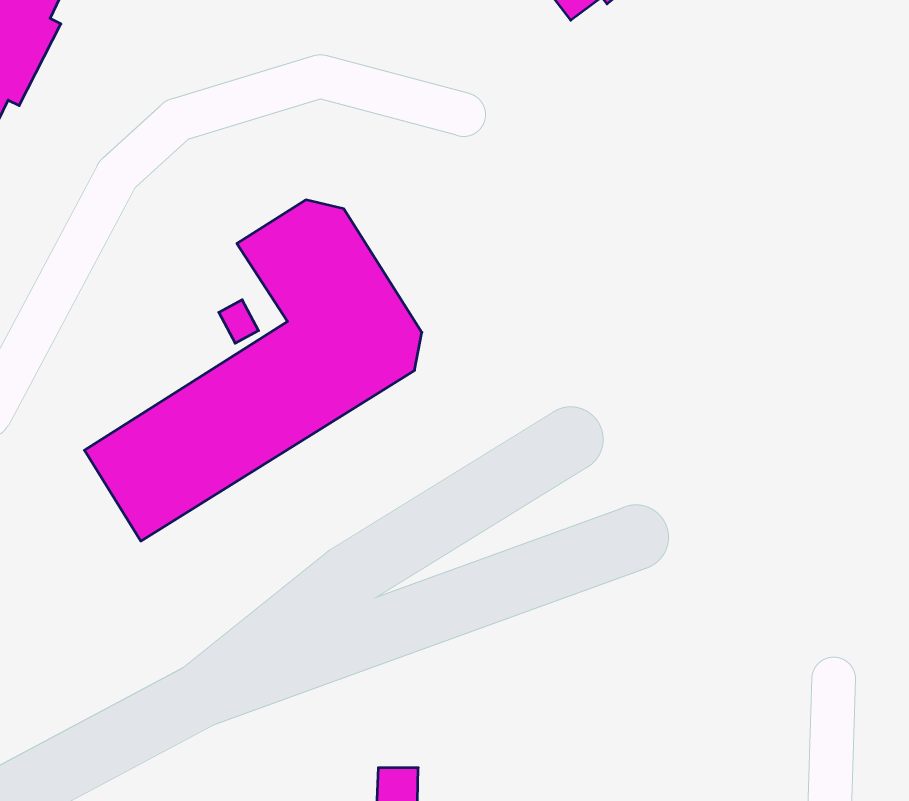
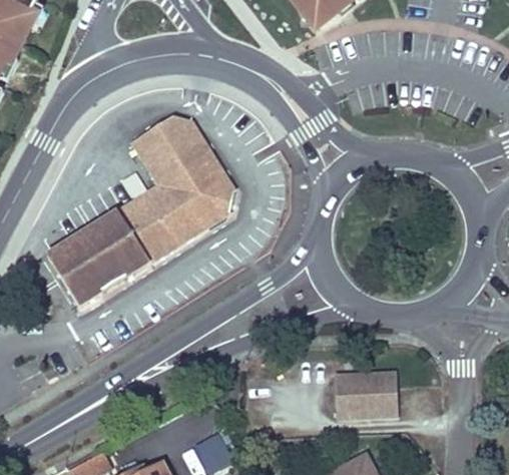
building: none -> [335,369,397,416]

